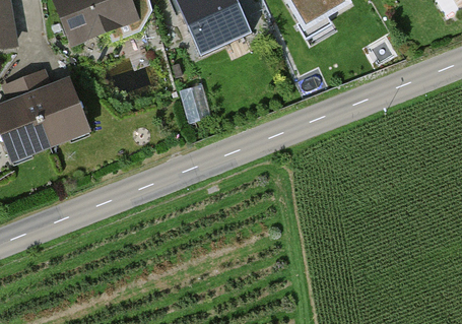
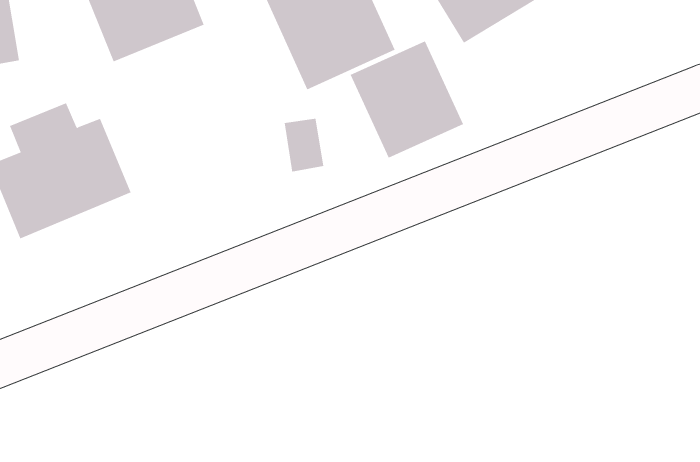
building: none -> [350,40,464,159]

